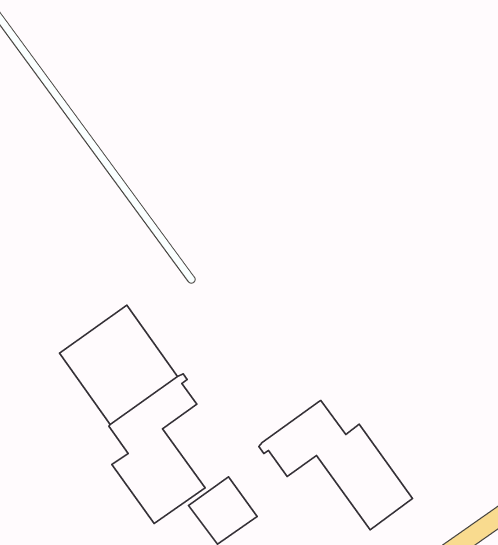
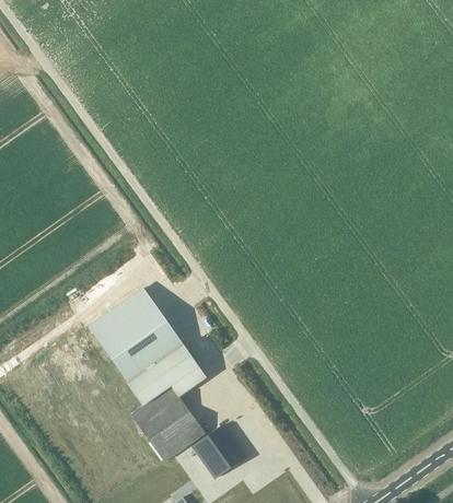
building: [259,401,413,530] -> none

